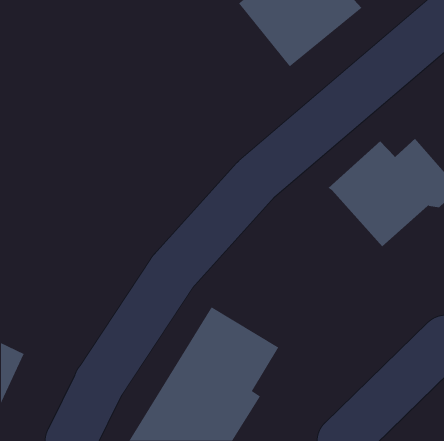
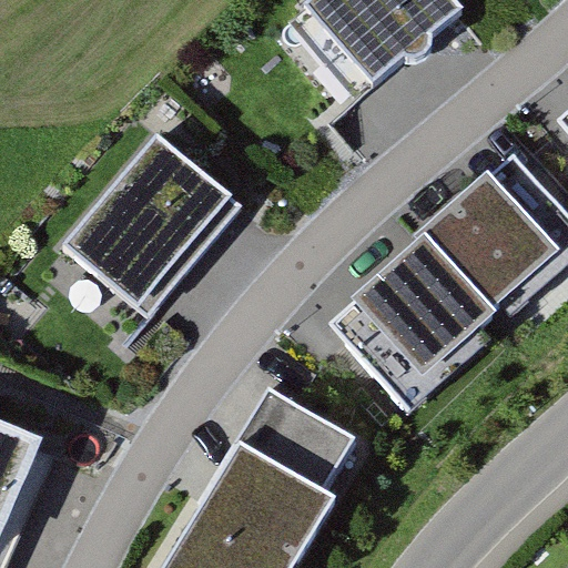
building: none -> [63,139,237,288]
building: none -> [346,242,488,409]

